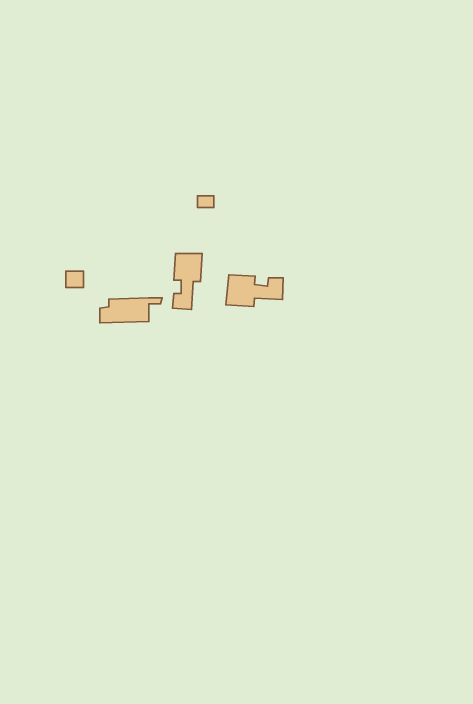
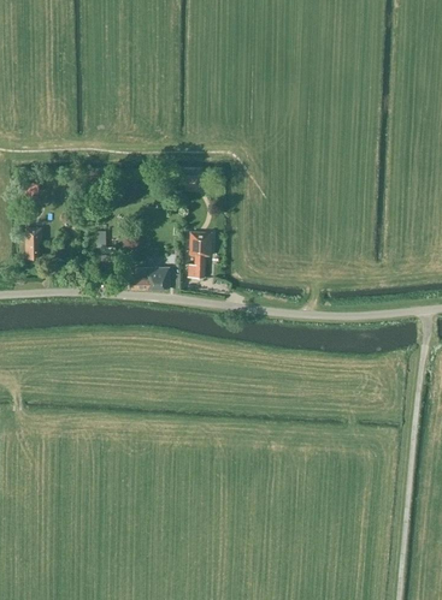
building: [226,275,283,306] -> none

